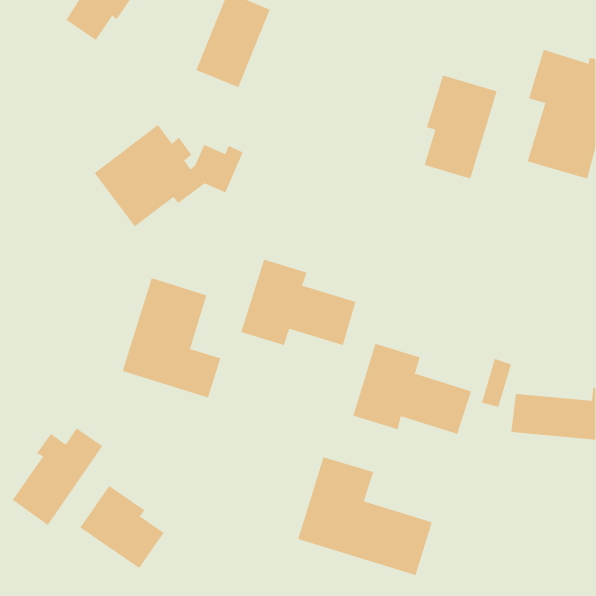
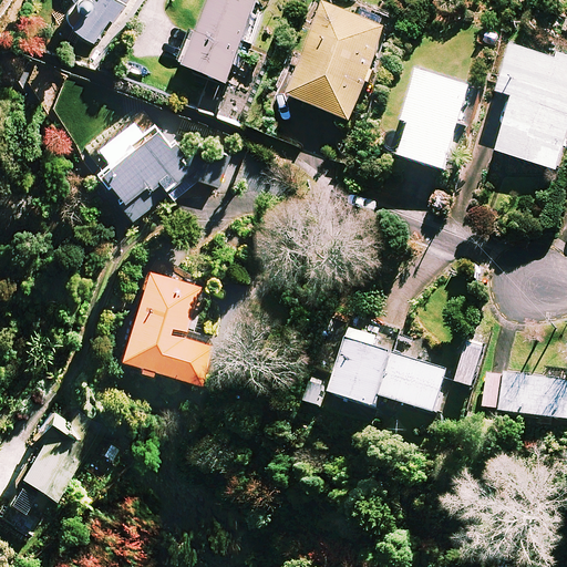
building: none -> [290,6,385,121]
building: [241,259,356,346] -> none
building: [298,456,432,576] -> none
building: [79,485,164,569] -> none

